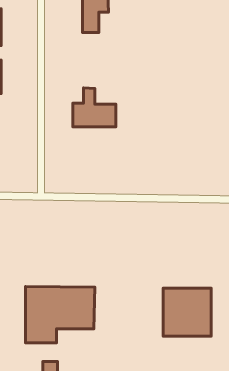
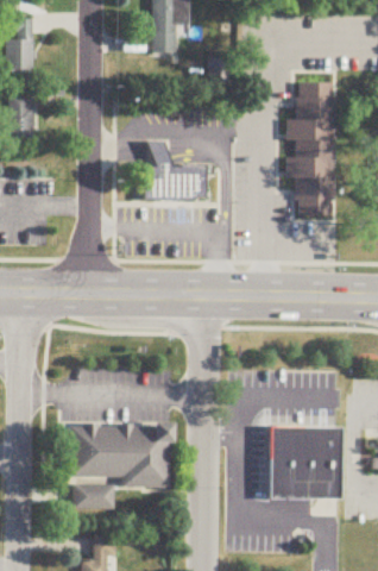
building: none -> [286,83,336,214]

